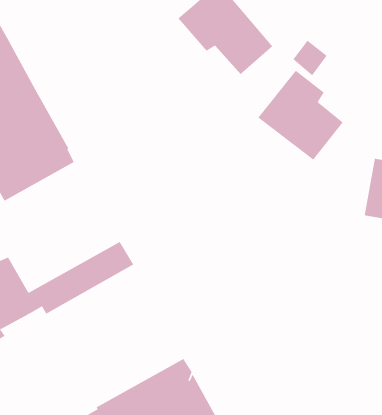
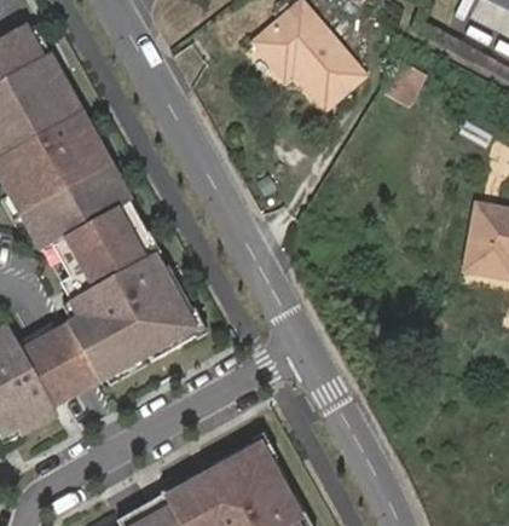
building: [258,70,343,160] -> none
building: none -> [56,213,187,360]

